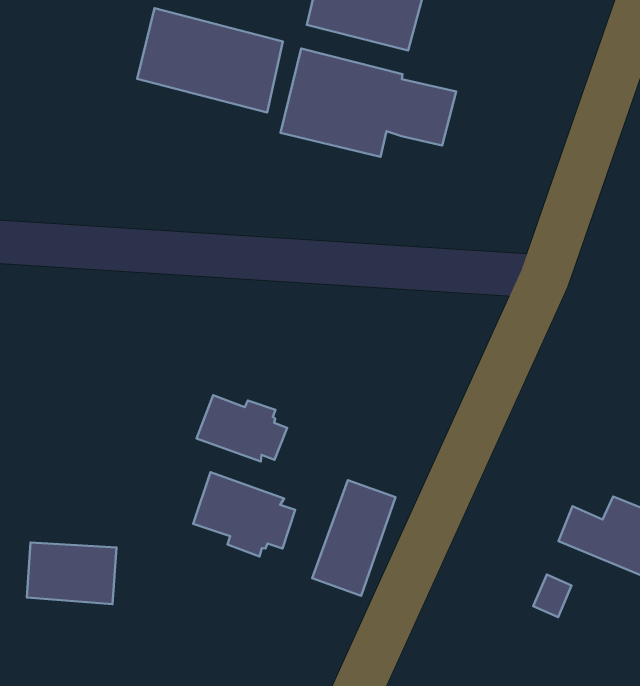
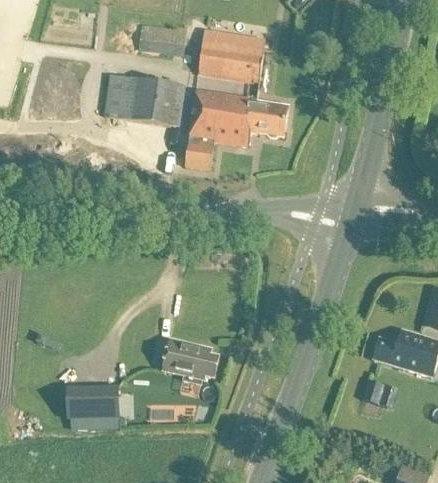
building: none -> [184,141,214,170]
building: [197,395,287,461] -> none
building: [312,480,396,596] -> none

